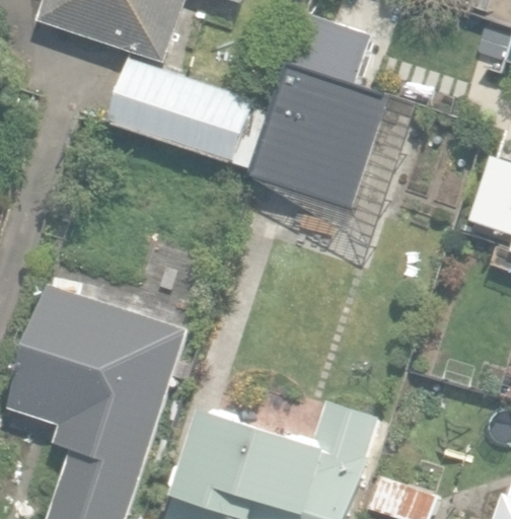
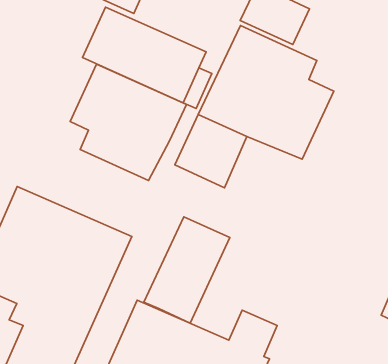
building: none -> [70,64,186,180]
building: none -> [144,217,230,323]

